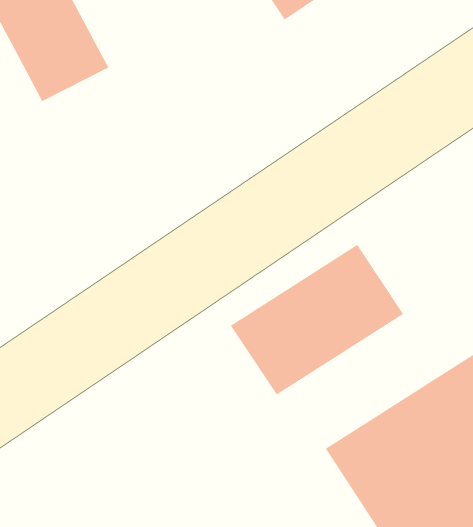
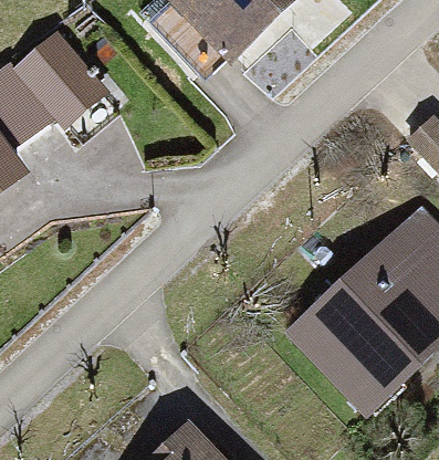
building: [230,244,404,396] -> none

